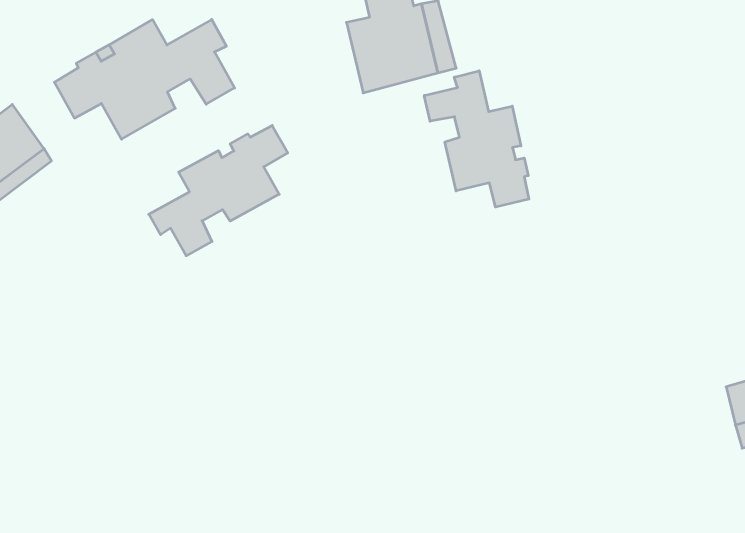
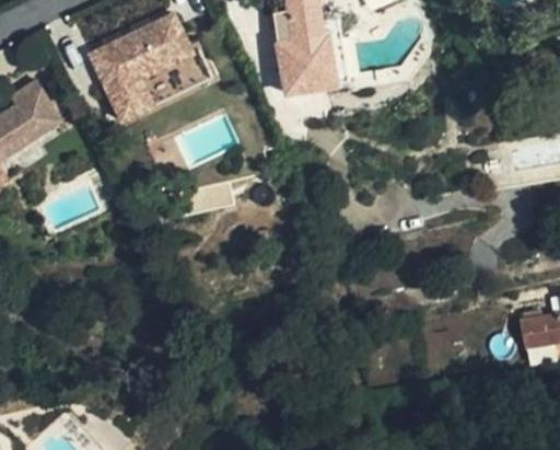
building: [424,71,529,207] -> none
building: [149,125,288,256] -> none

